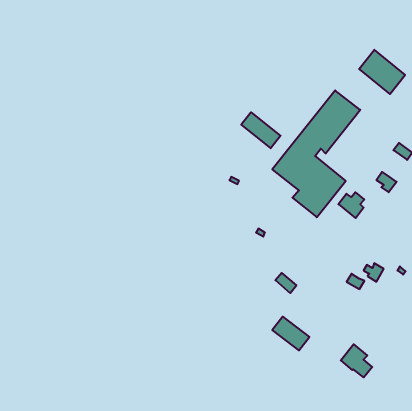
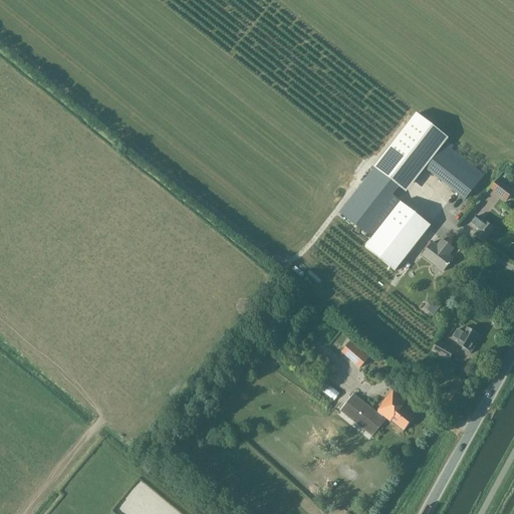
building: [359,50,405,94] -> [426,143,483,198]
building: [241,112,281,148] -> none
building: [341,344,372,377] -> [375,389,415,430]

